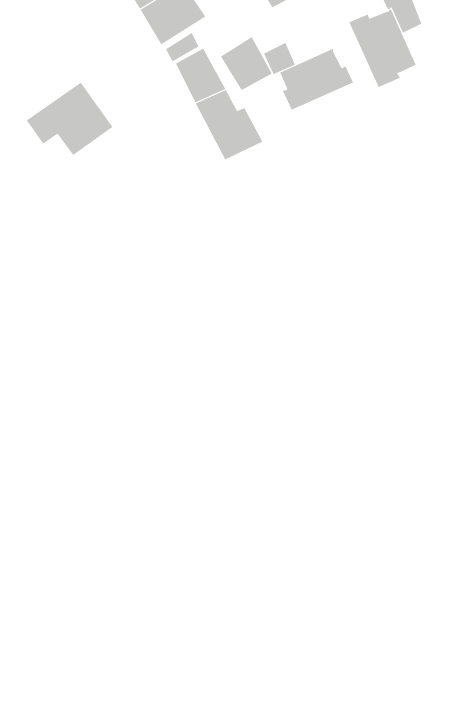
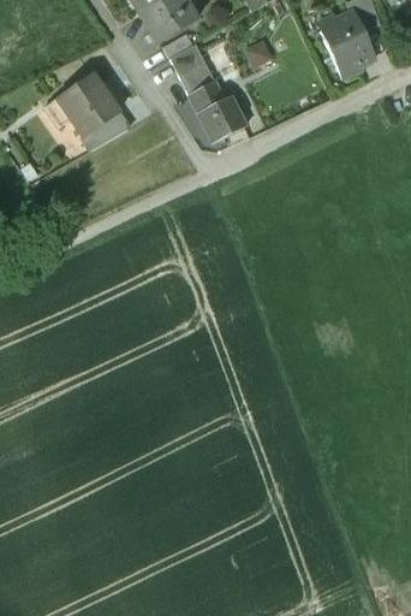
building: [220,36,272,91] -> none
building: [279,48,354,111] -> none
building: none -> [83,112,130,148]

